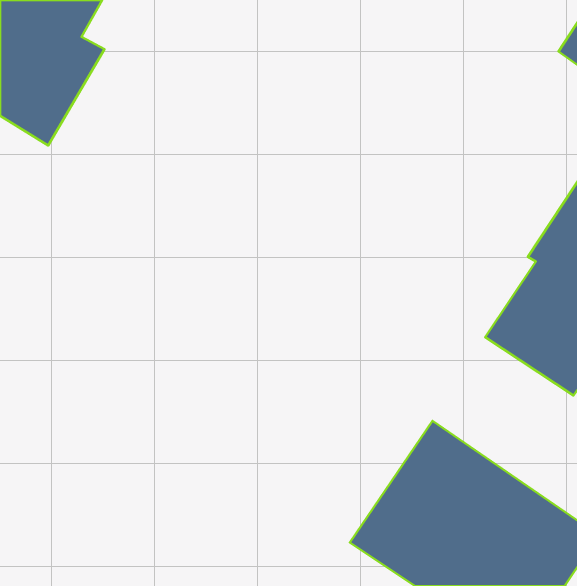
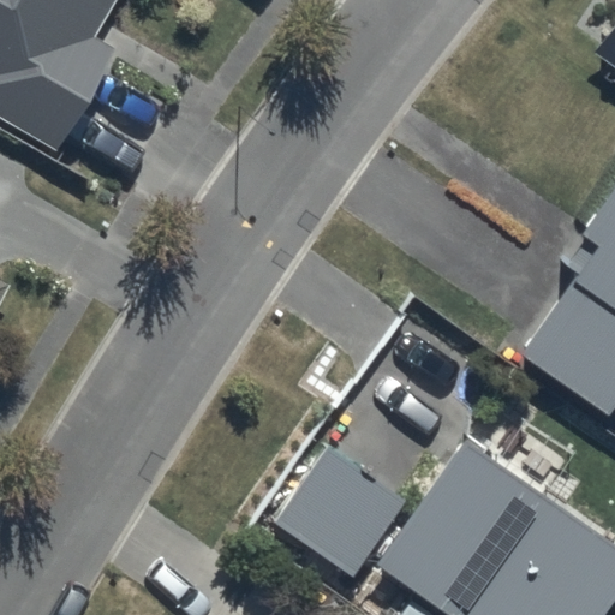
building: none -> [277,449,410,579]

